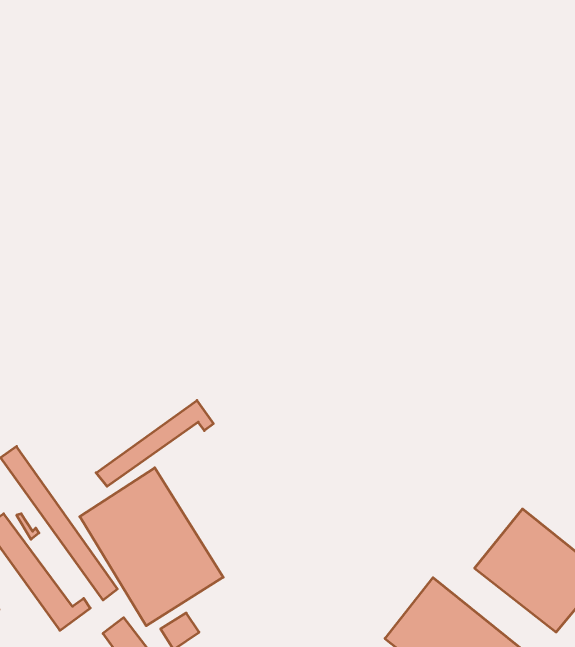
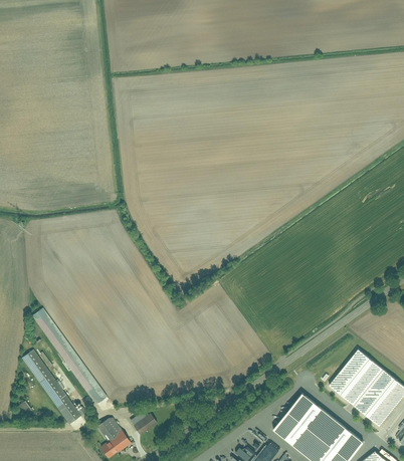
building: [96,400,213,486] -> none
building: [80,468,223,626] -> none

